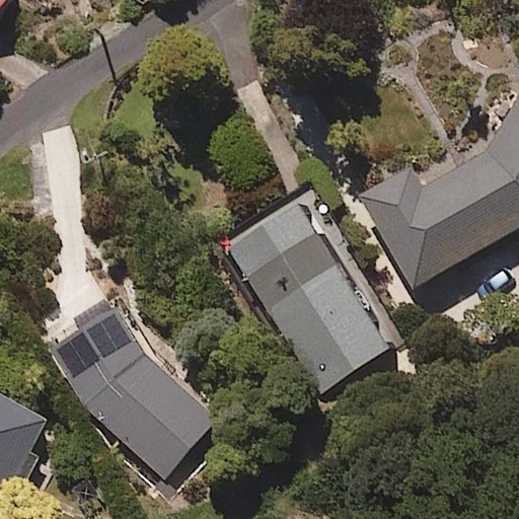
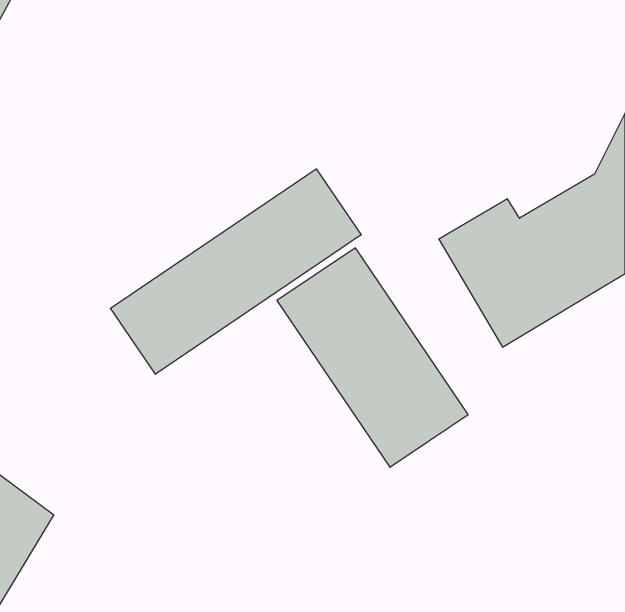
building: none -> [110,169,361,374]
building: [54,312,214,474] -> none

